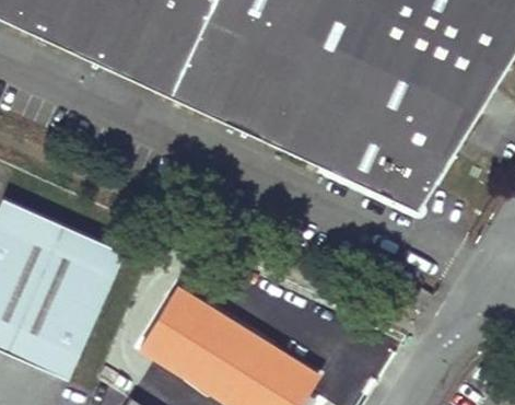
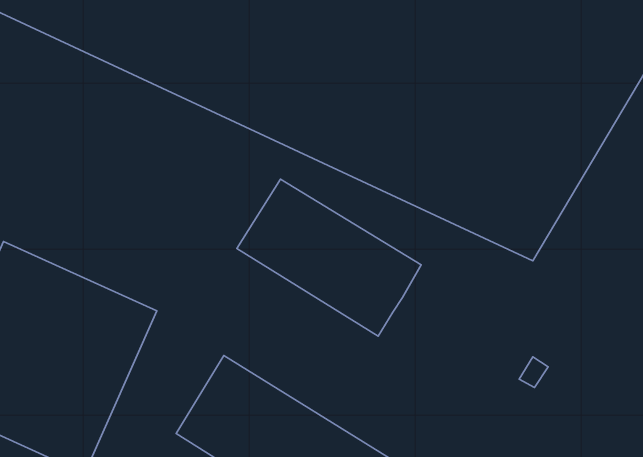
building: none -> [237,179,421,336]

